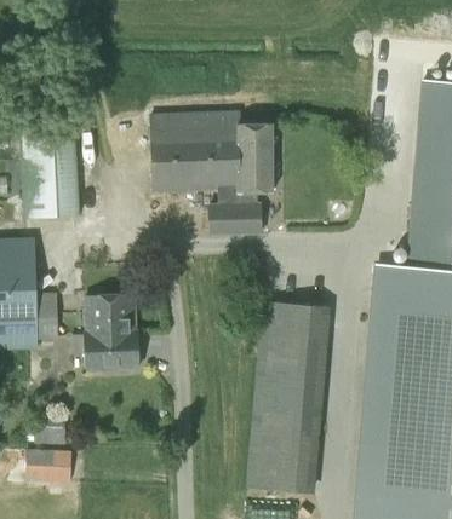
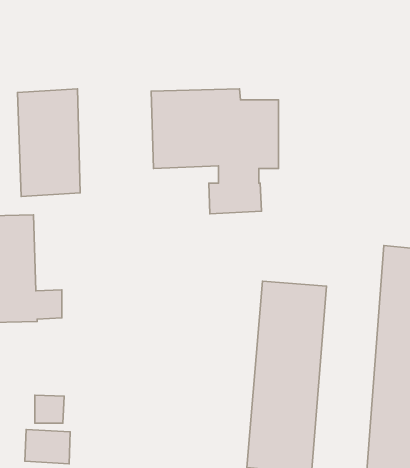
building: [86,292,144,368] -> none

